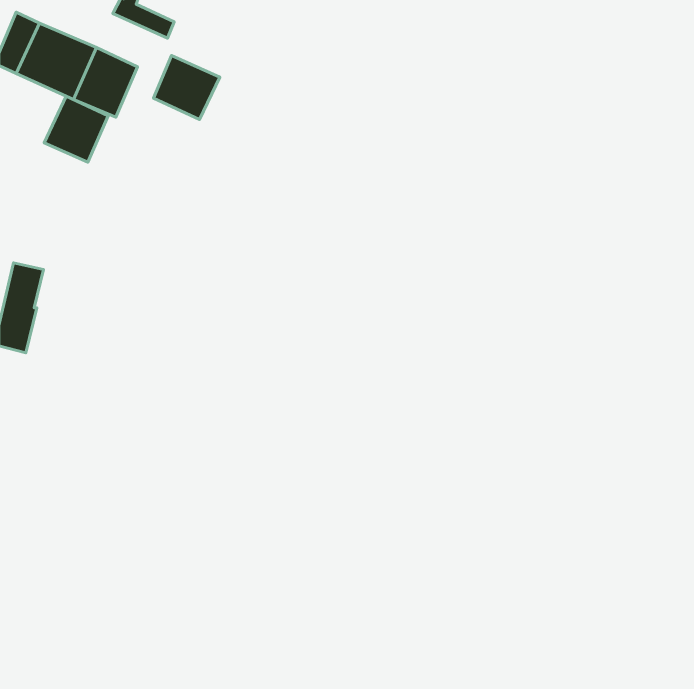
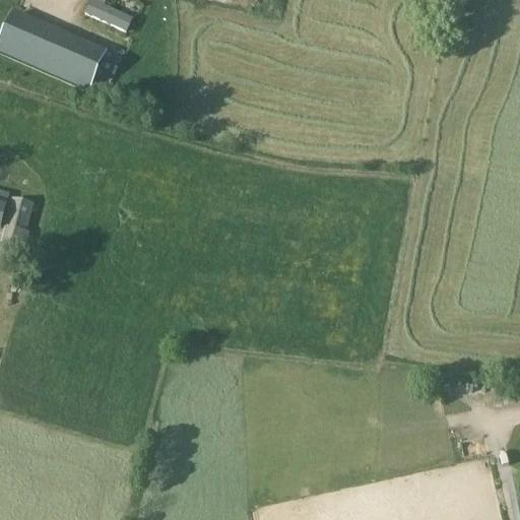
building: [153,56,220,120] -> none
building: [44,96,108,162] -> none

